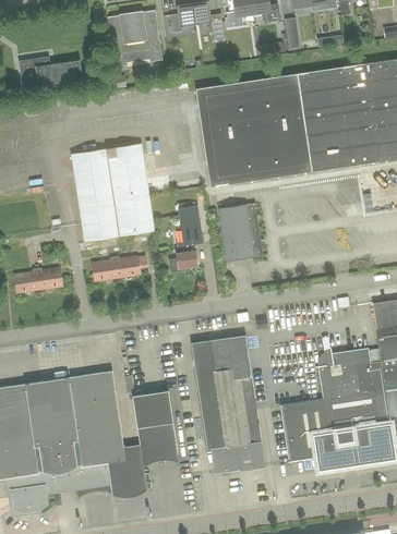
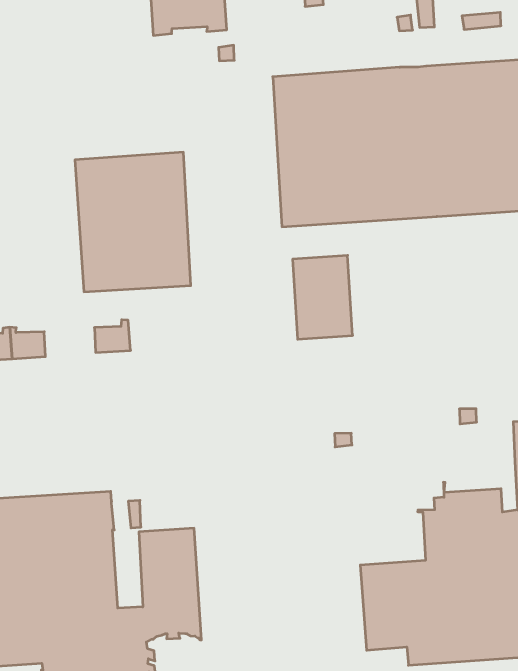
building: [19,57,84,92] -> none
building: [170,202,203,271] -> none
building: [115,256,147,277] -> none
building: [191,335,264,473] -> none

